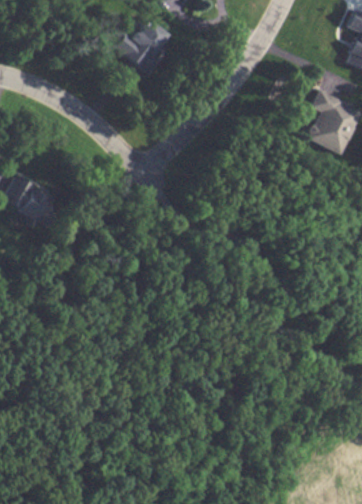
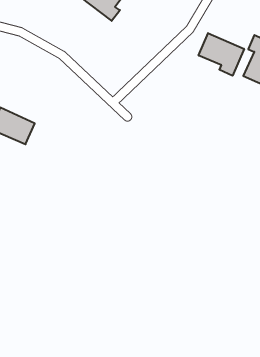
building: none -> [199,33,244,76]

